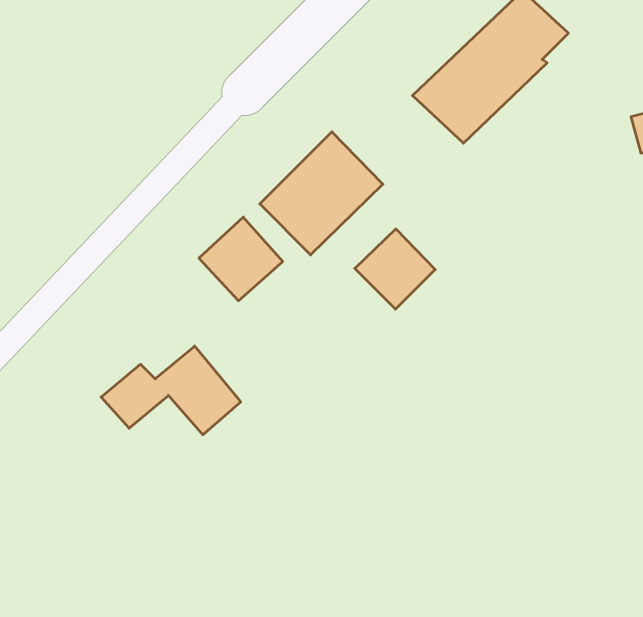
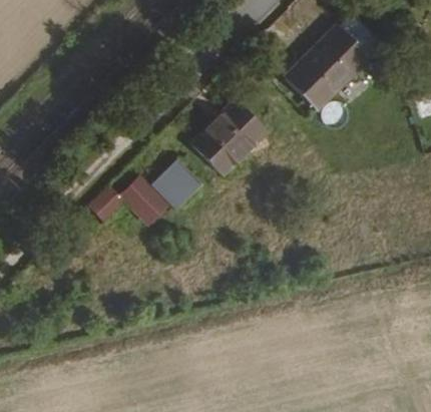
building: [355,229,435,309] -> none
building: [101,346,241,435] -> [87,170,172,225]

